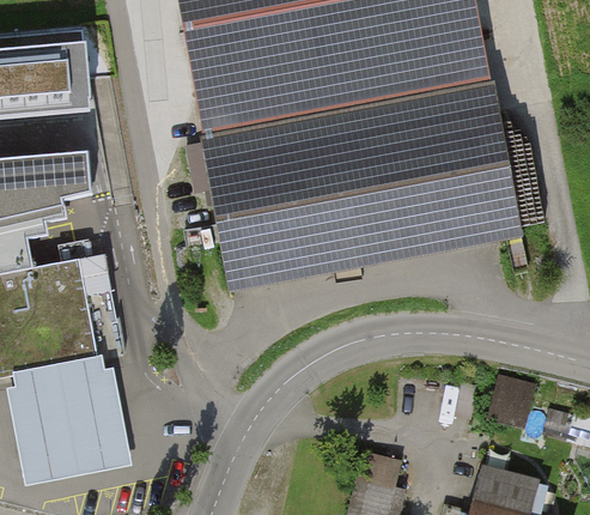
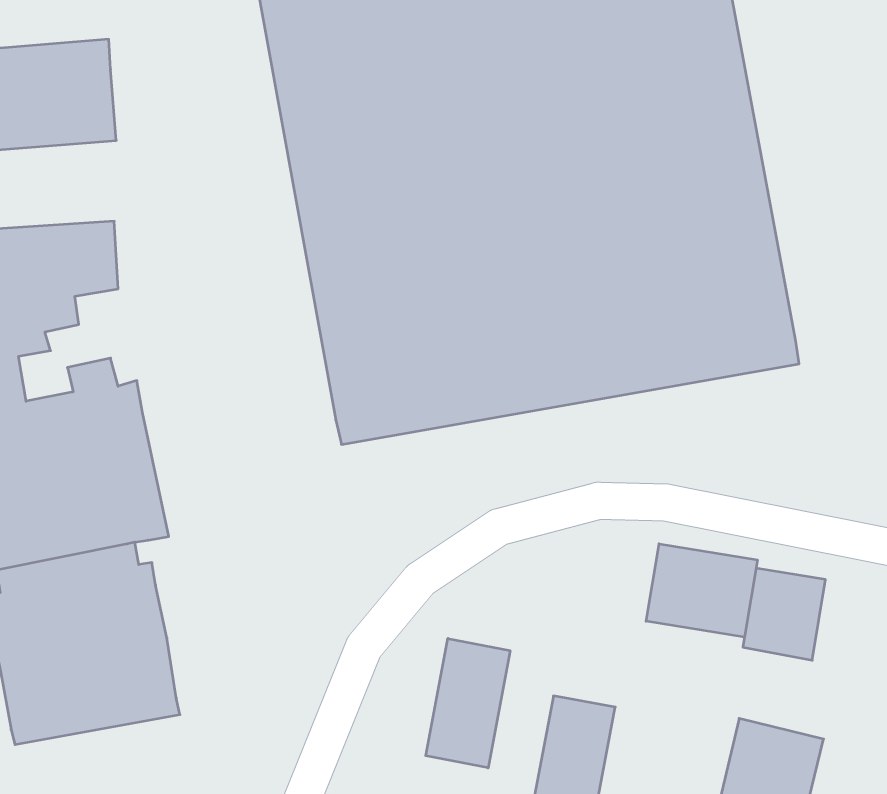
building: none -> [646,544,757,637]
building: none -> [426,638,510,768]

